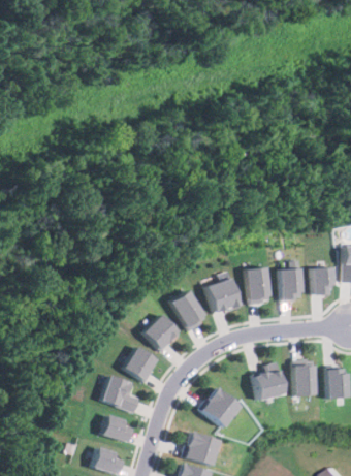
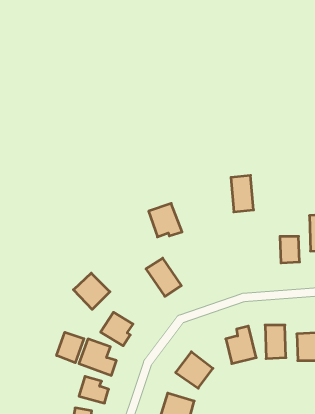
building: [243,266,266,305] -> [231,175,254,212]
building: [276,267,300,300] -> none
building: [203,278,238,313] -> [149,203,182,237]
building: [140,314,179,352] -> [73,273,110,309]
building: none -> [57,332,84,363]

